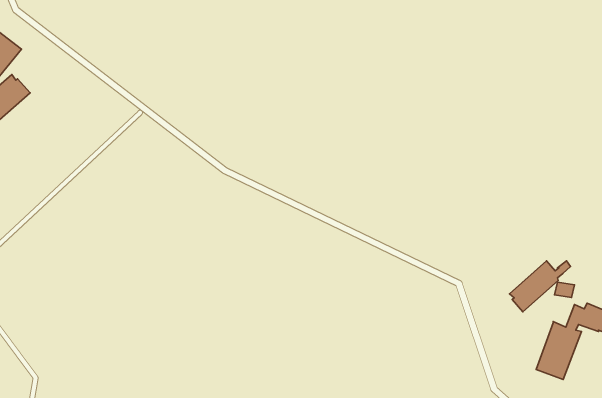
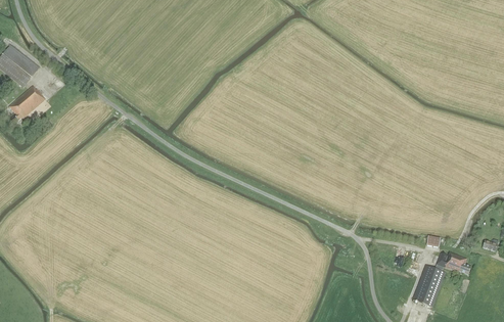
building: [510,261,570,312] -> none

